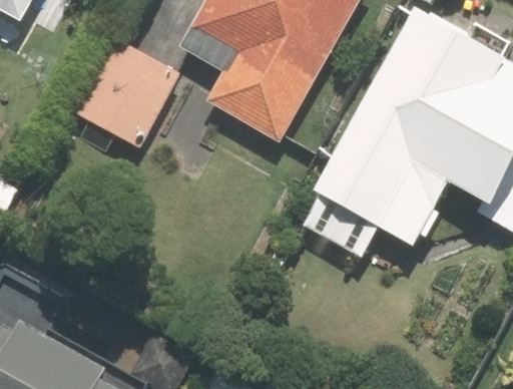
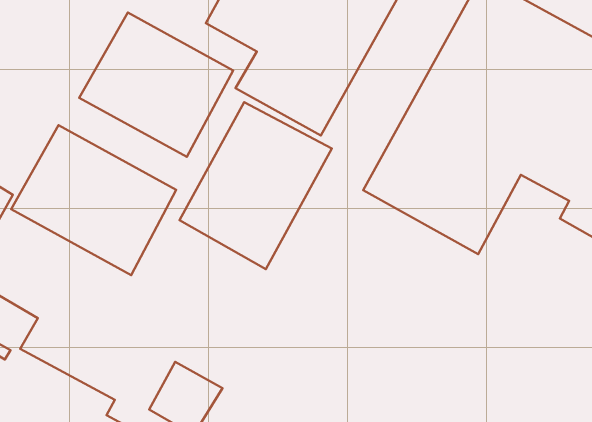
building: none -> [180,102,332,269]
building: none -> [11,125,176,275]

